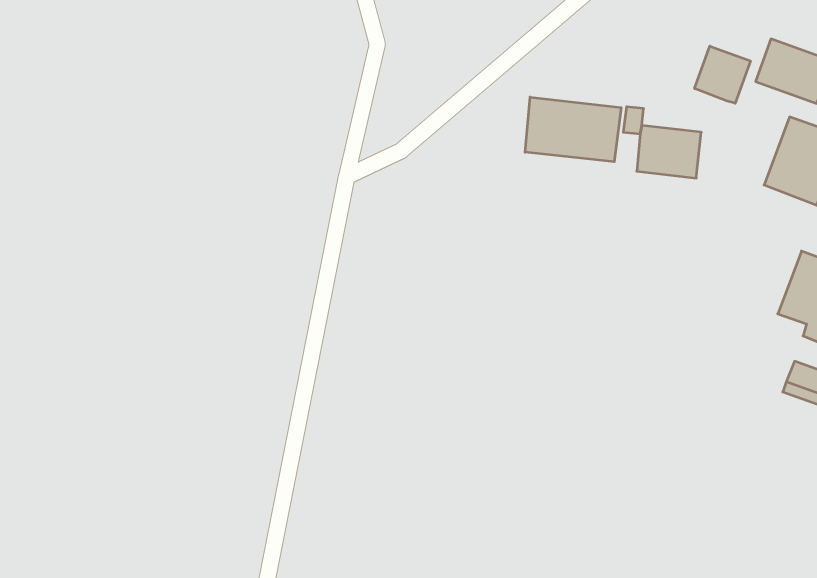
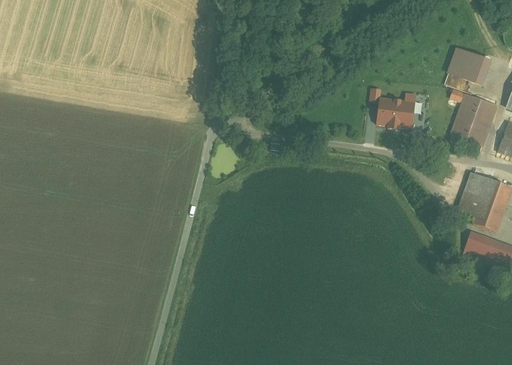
building: [695,46,750,103] -> none
building: [525,97,621,162] -> none

